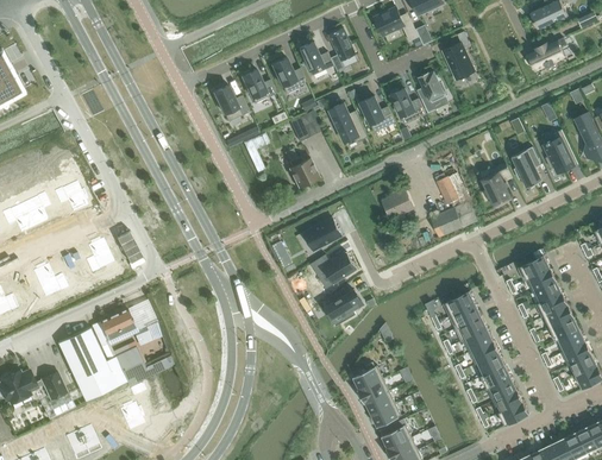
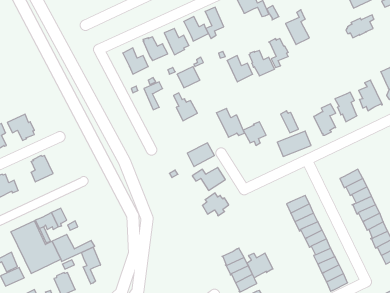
building: [328,102,368,143] -> [216,108,244,137]
building: none -> [82,247,101,284]
building: none -> [247,253,273,278]

